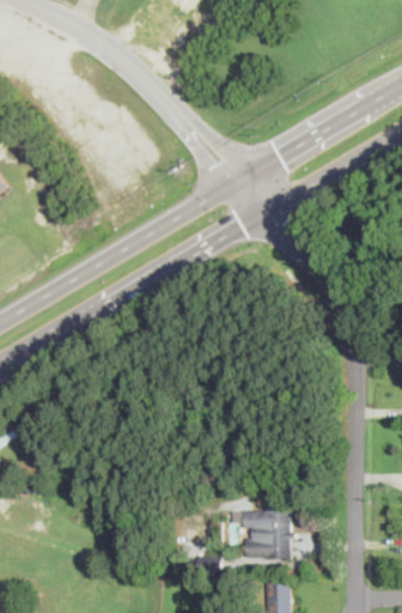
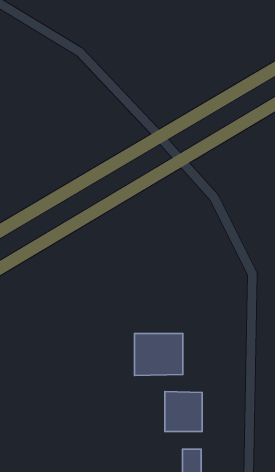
building: none -> [134,333,183,375]

